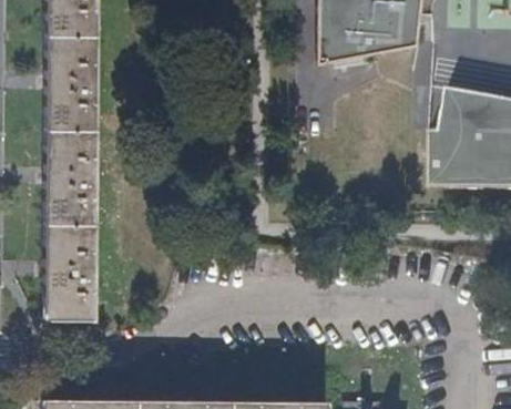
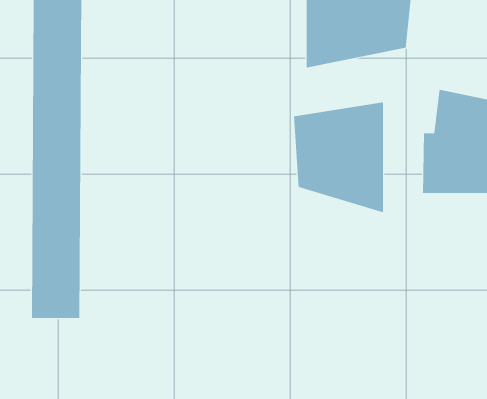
building: none -> [293,102,384,213]

